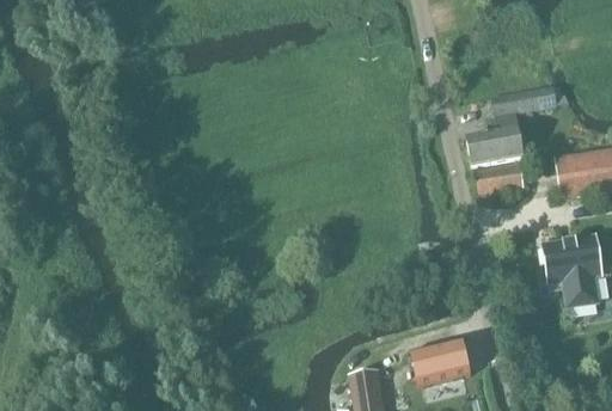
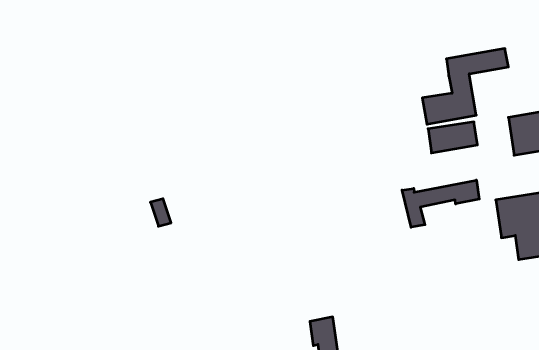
building: none -> [402,180,479,227]
building: [411,339,469,386] -> none

